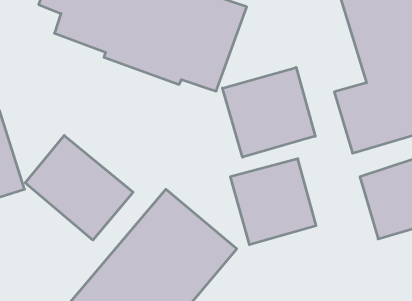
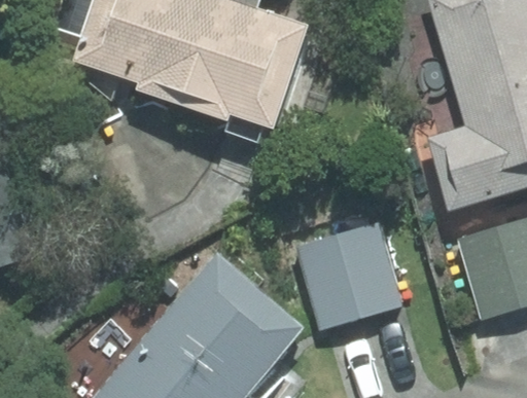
building: [222,67,315,157] -> none
building: [25,135,133,240] -> none

